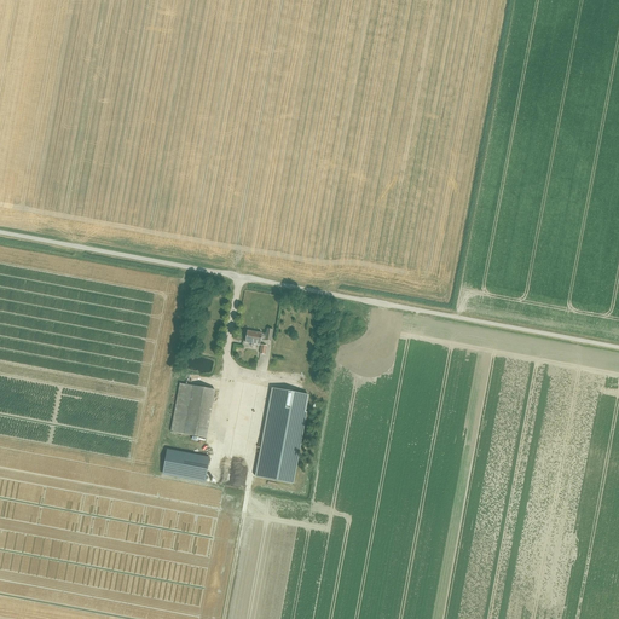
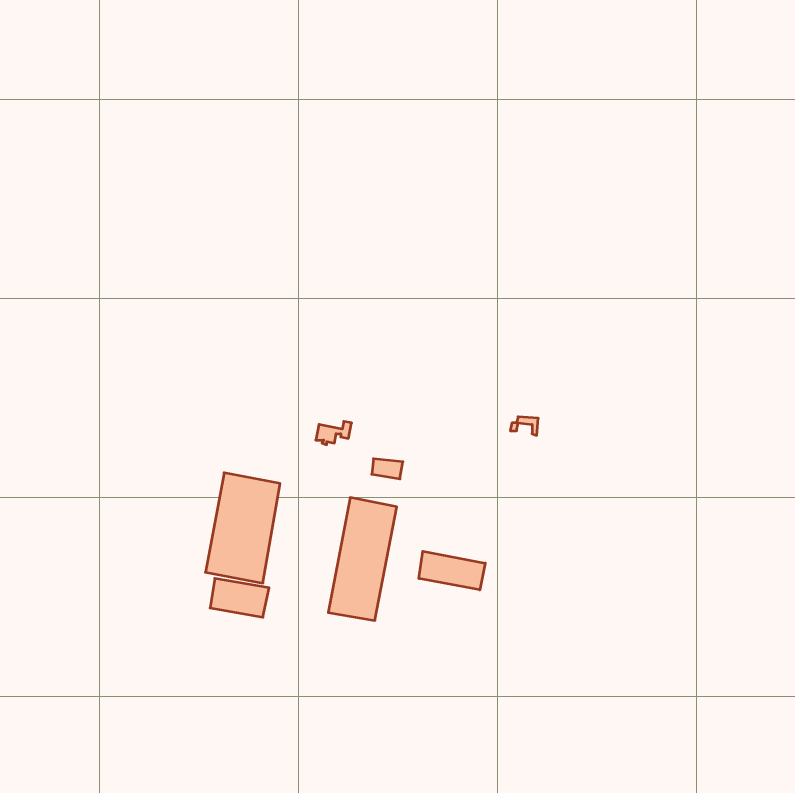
building: none -> [419,551,485,590]

